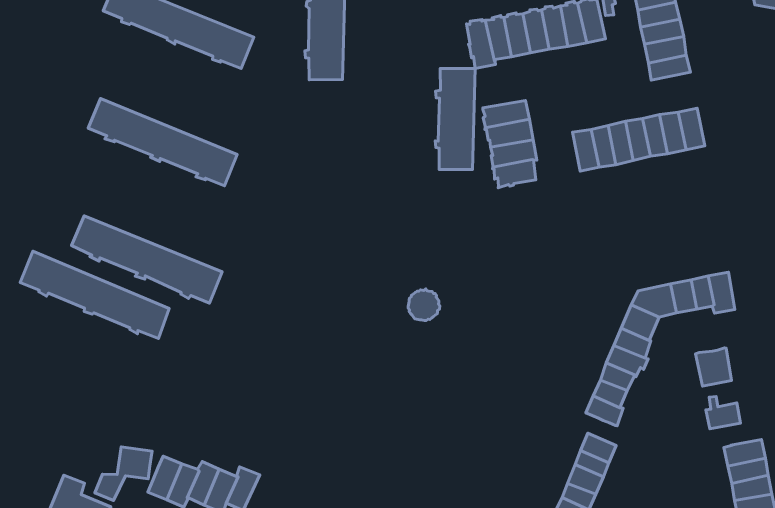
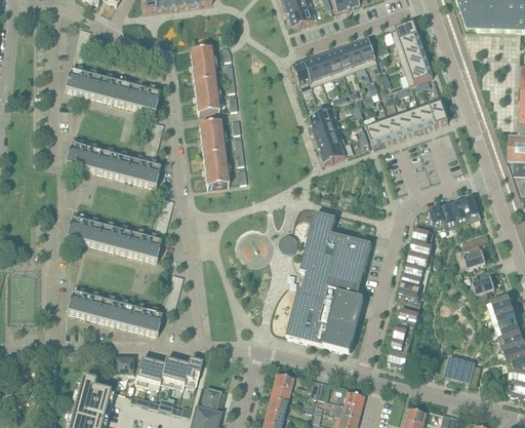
building: [435,68,475,170] -> [199,119,229,185]
building: [20,251,169,339] -> [68,289,162,333]
building: none -> [287,210,372,351]

